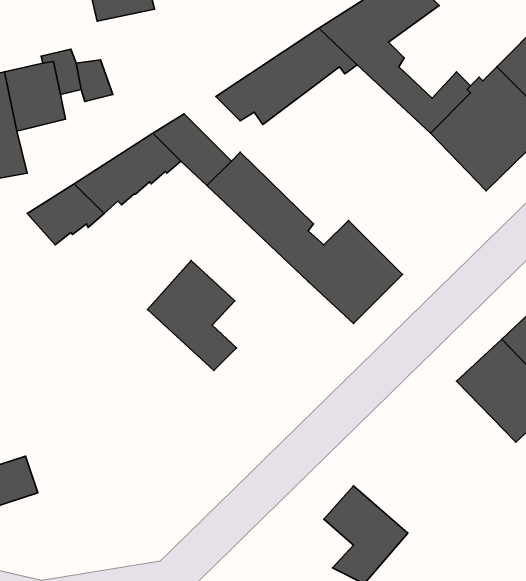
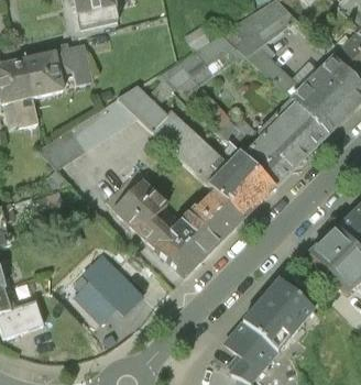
building: none -> [243,98,327,187]
building: none -> [155,191,243,276]
building: none -> [76,254,142,321]
building: none -> [243,279,314,350]

